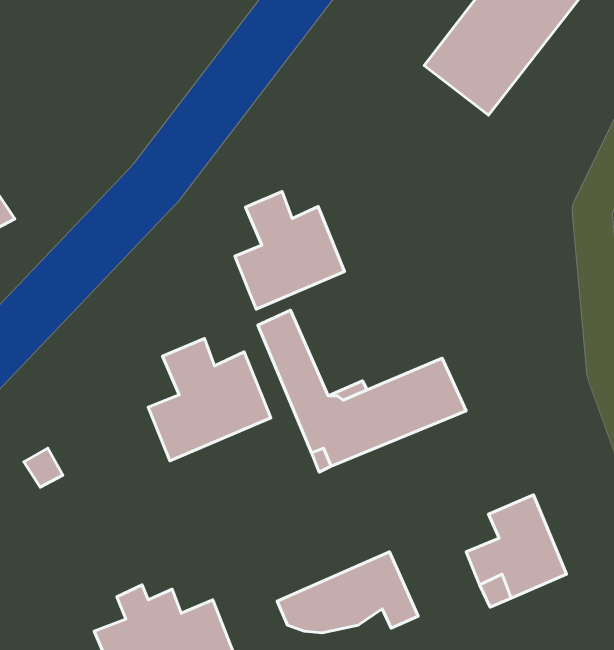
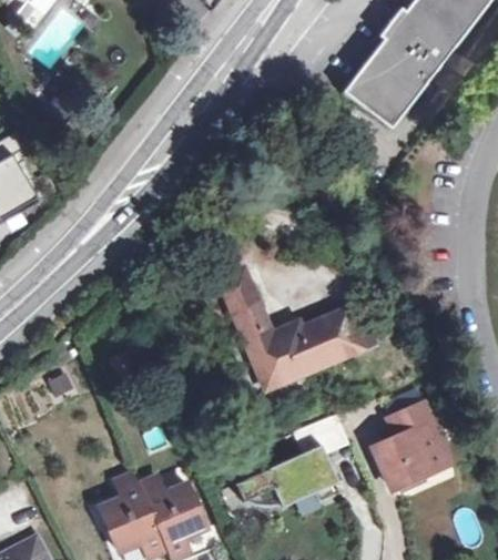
building: [235,191,345,309] -> none
building: [148,338,271,461] -> none

